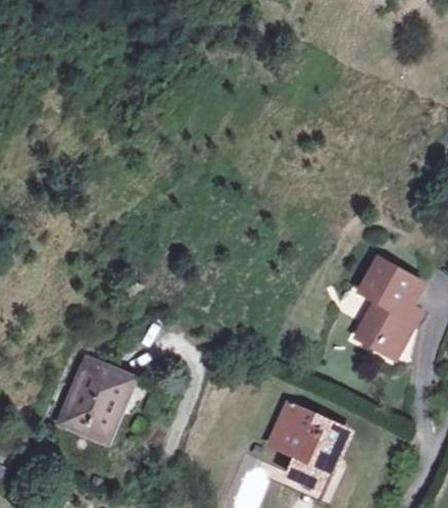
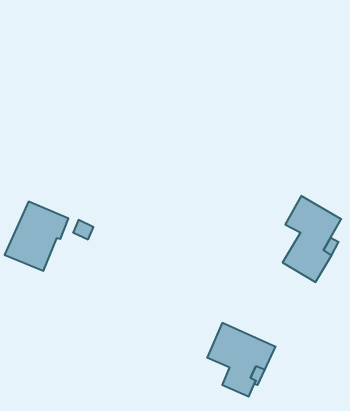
building: [59,359,133,439] -> [5,202,68,271]

